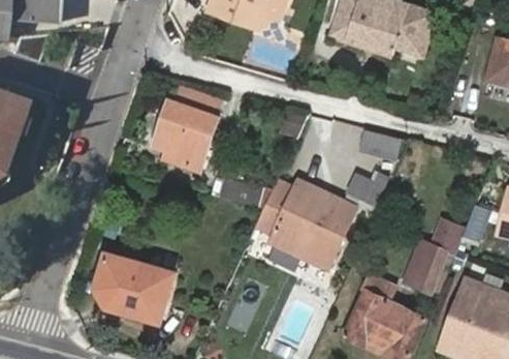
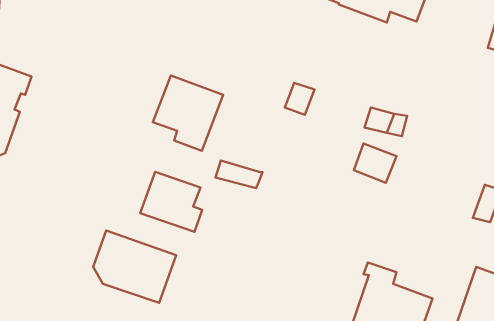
building: [255,180,356,268] -> none
building: none -> [140,172,202,232]
building: [402,216,459,294] -> none

